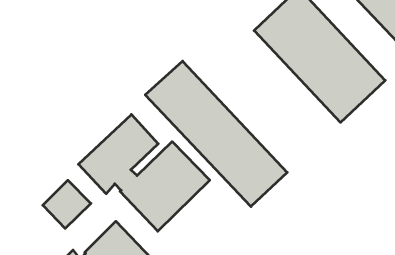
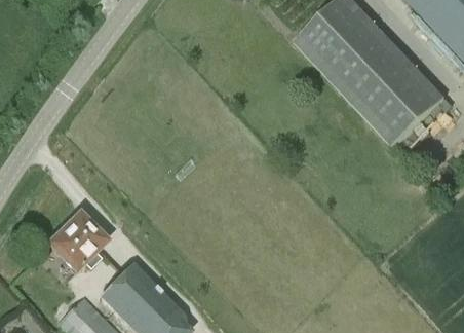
building: [145,61,287,207] -> none
building: [78,114,210,231] -> none

